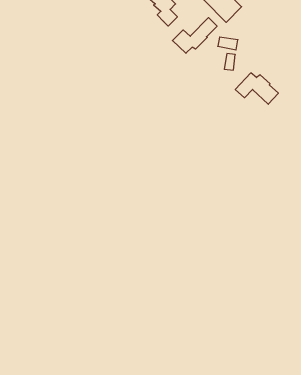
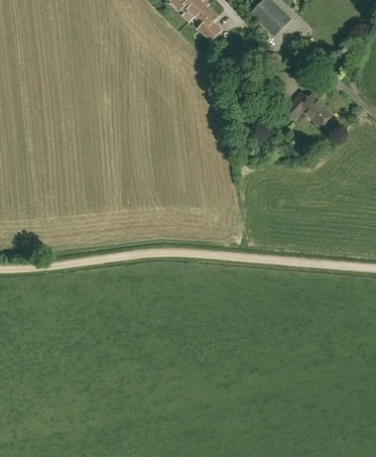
building: [172,18,217,53] -> none

